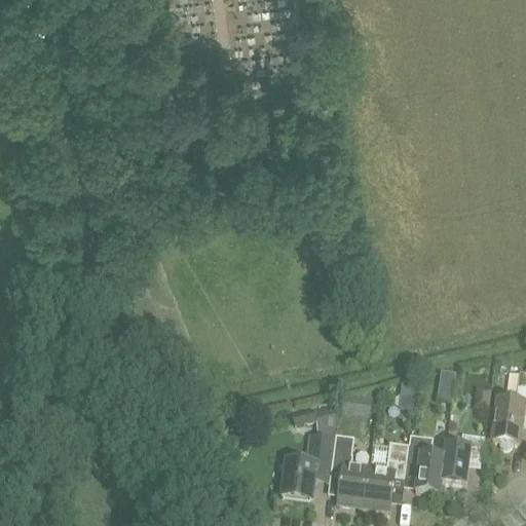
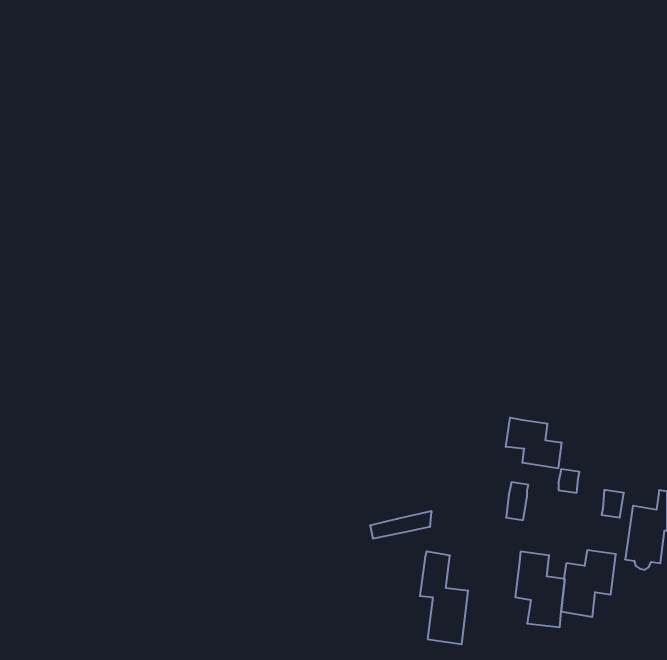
building: none -> [506,418,562,468]
building: [280,434,334,499] -> none
building: [363,441,408,510] -> none

